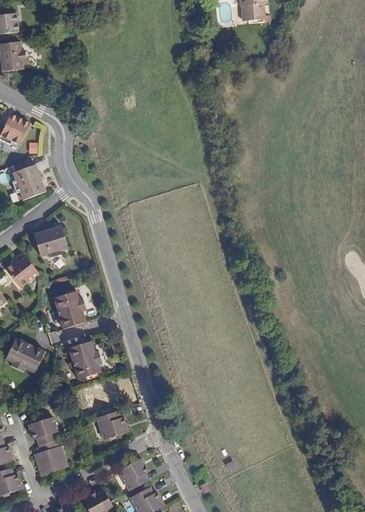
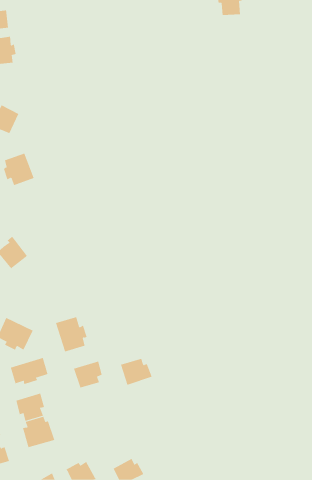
building: [34,225,71,258] -> none
building: [53,291,86,328] -> none
building: none -> [10,357,48,385]
building: [96,413,130,442] -> [120,358,152,385]
building: [115,457,146,490] -> none

